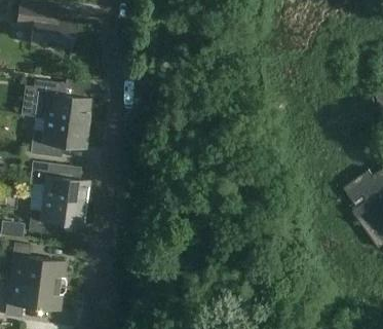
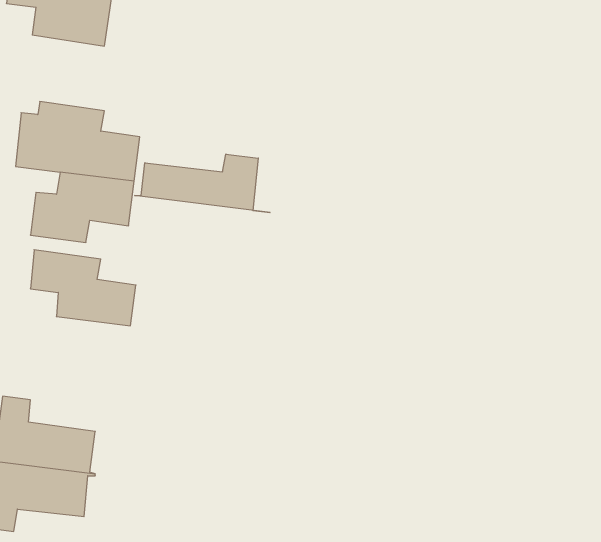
building: none -> [135,154,270,213]
building: [29,198,85,235] -> none

